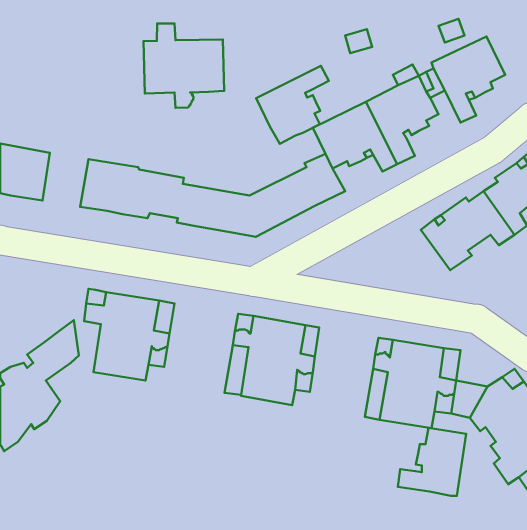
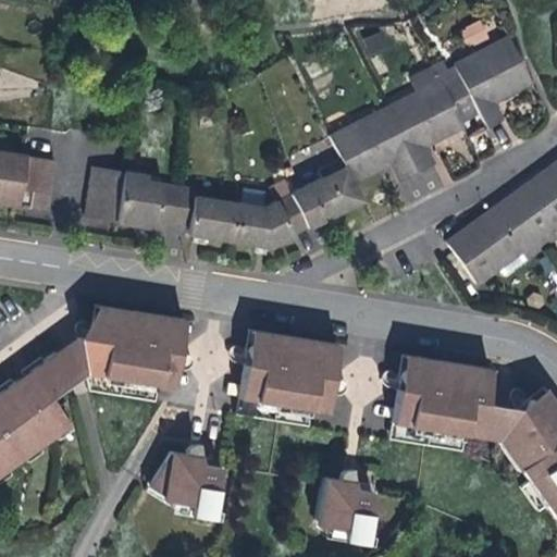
building: [144,23,224,108] -> none
building: [256,66,329,144] -> none
building: none -> [82,335,110,389]
building: [398,428,466,496] -> none
building: none -> [150,462,219,521]
building: none -> [320,490,375,548]

